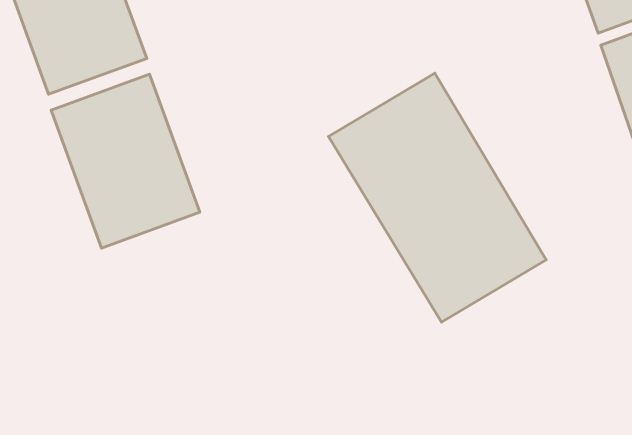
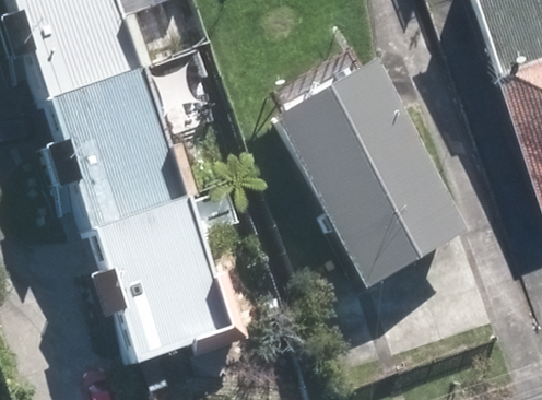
building: none -> [95,211,217,354]

